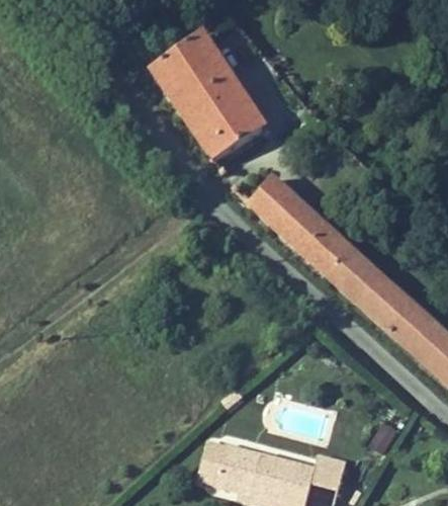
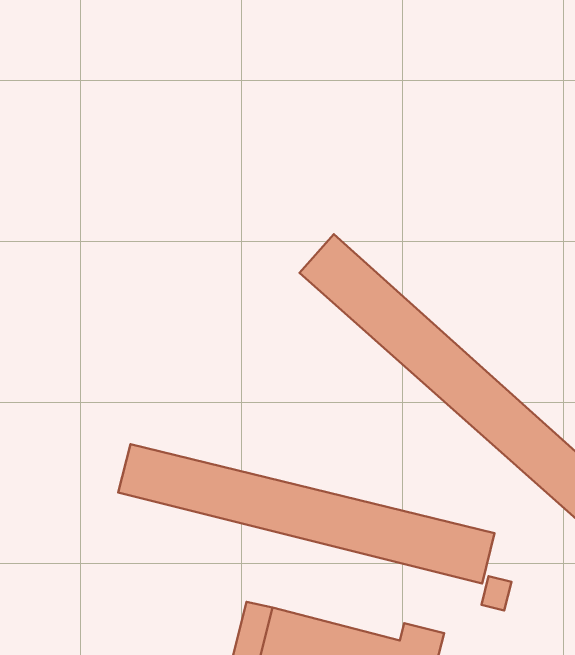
building: [151,43,258,162] -> none
building: none -> [118,444,495,583]

